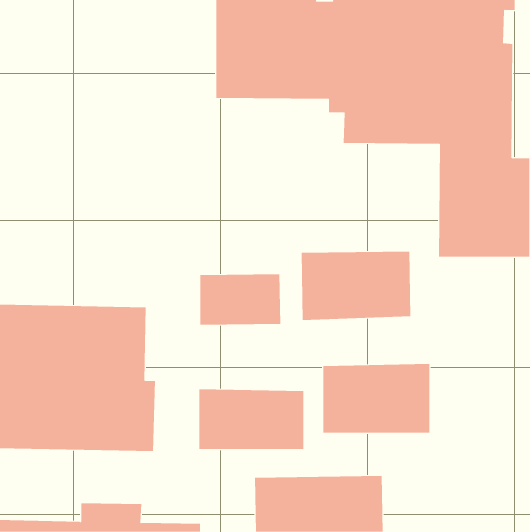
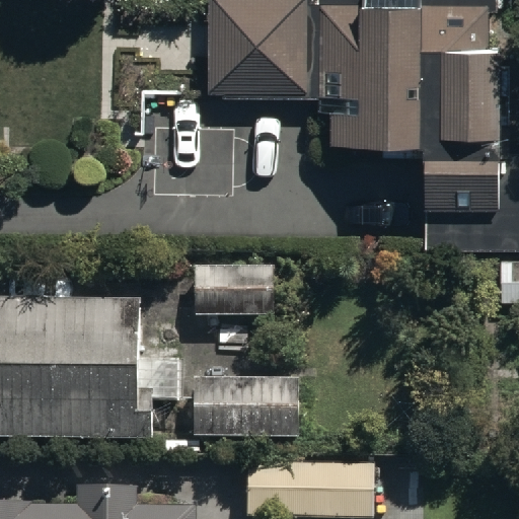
building: [301,251,411,321] -> none
building: [323,363,430,434] -> none

